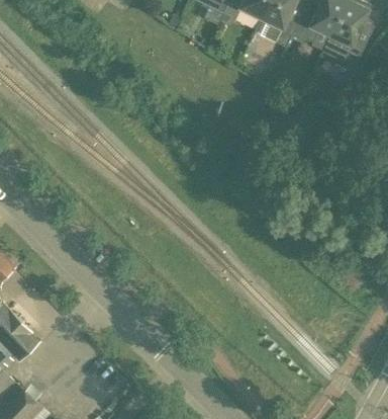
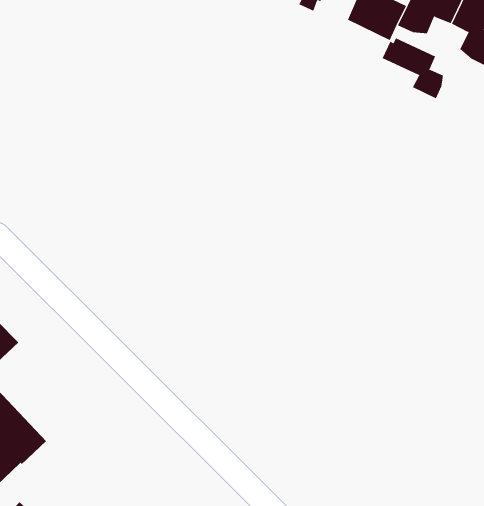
building: none -> [382,38,444,99]

